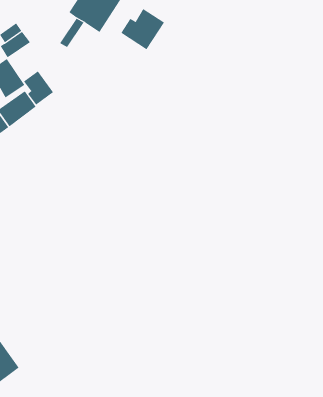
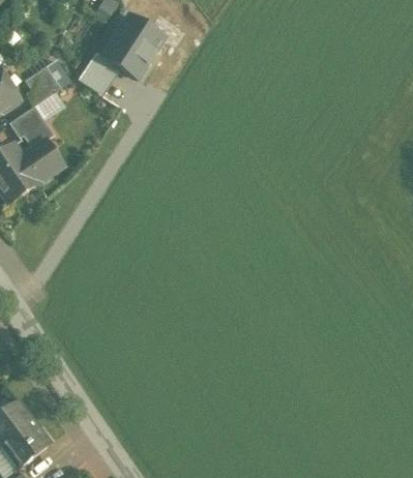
building: [121,8,165,50] -> none
building: none -> [79,51,112,89]
building: [23,70,54,105] -> none

